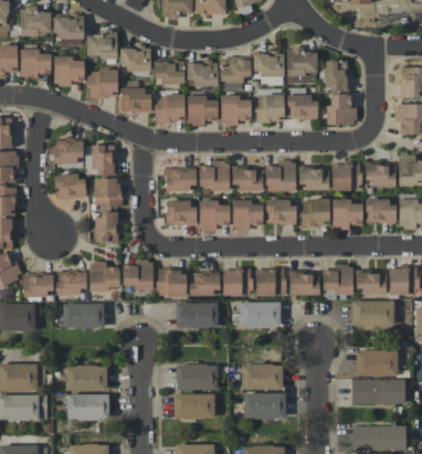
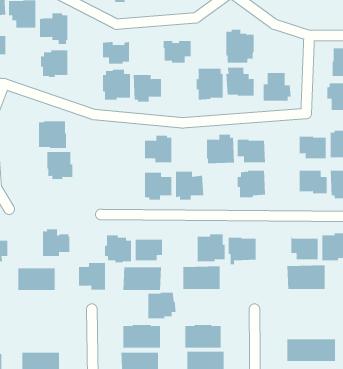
building: [119,49,150,76] -> none
building: [253,53,284,85] -> none
building: [54,56,84,86] -> none
building: [324,61,347,92] -> none
building: [187,63,218,87] -> none
building: [120,81,150,113] -> none
building: [220,95,251,126] -> none
building: [53,140,83,168] -> none
building: [331,162,362,191] -> none
building: [232,166,262,191] -> none
building: [166,168,196,191] -> none
building: [53,173,86,199] -> none
building: [265,200,296,225] -> none
building: [331,200,362,230] -> none
building: [166,201,196,225] -> none
building: [95,212,119,242] -> none
building: [123,261,152,291] -> [78,262,106,290]
building: [321,265,352,299] -> none
building: [222,268,253,297] -> [148,292,176,319]
building: [56,272,86,295] -> none
building: [356,350,398,376] -> none
building: [66,366,106,391] -> none

